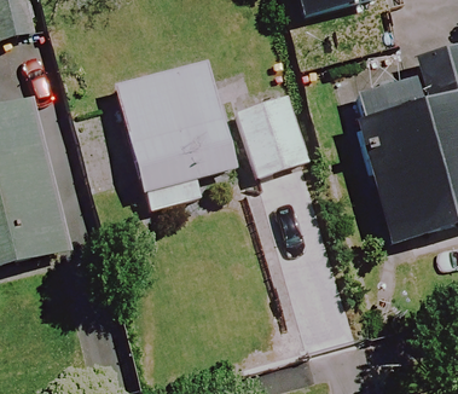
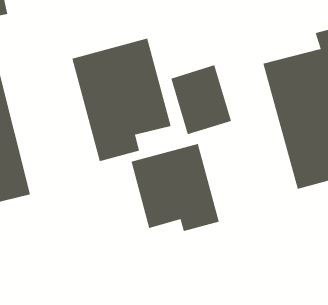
building: none -> [131,143,220,232]

